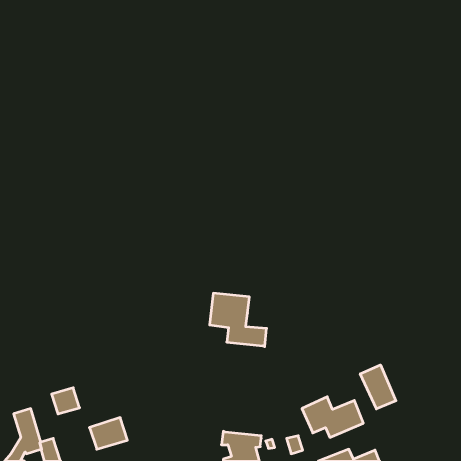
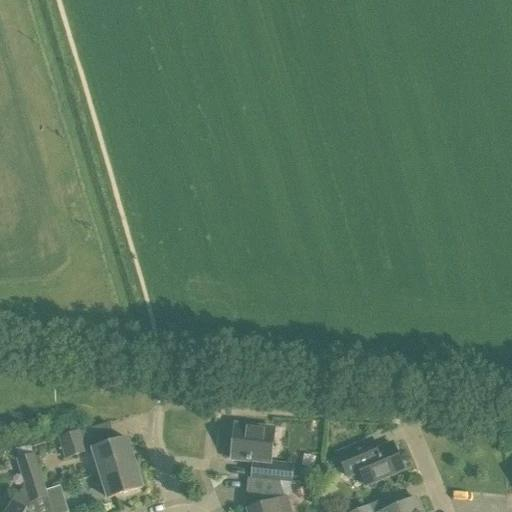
building: [210,293,267,347] -> [230,424,293,483]
building: [360,365,396,409] -> none
building: none -> [92,438,133,473]

